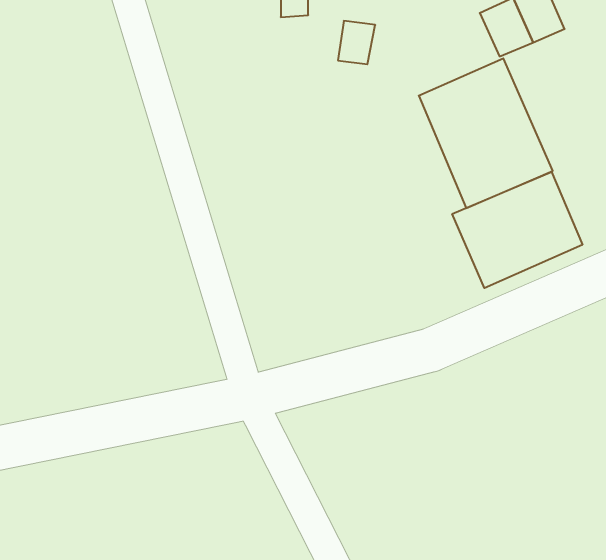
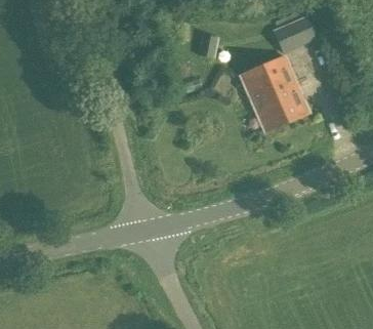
building: [452,172,582,288] -> none

